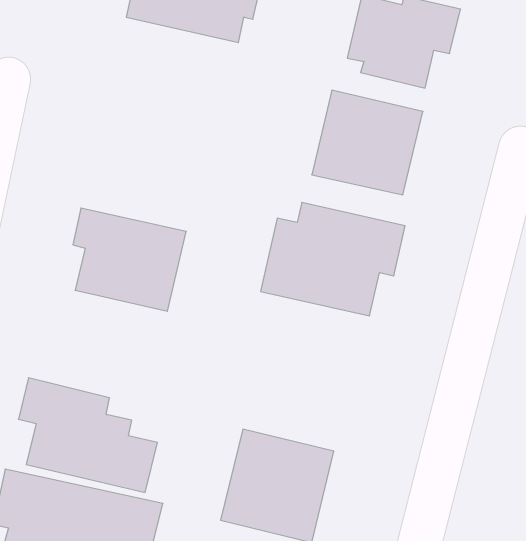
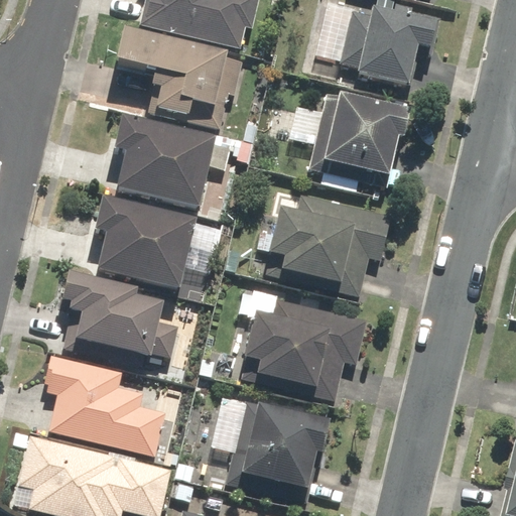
building: none -> [111,28,239,128]
building: none -> [111,117,215,211]
building: none -> [58,273,161,367]
building: none -> [242,295,368,400]

